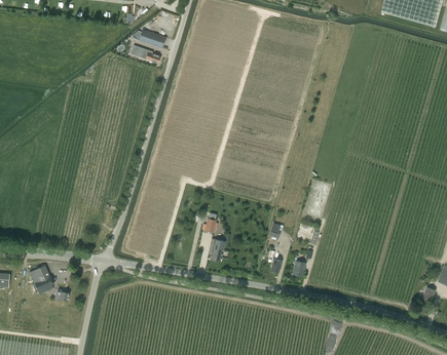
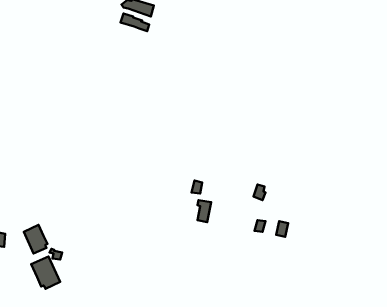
building: none -> [31,256,60,289]

